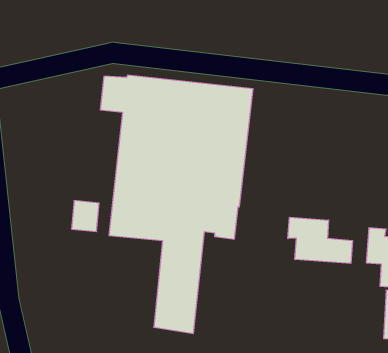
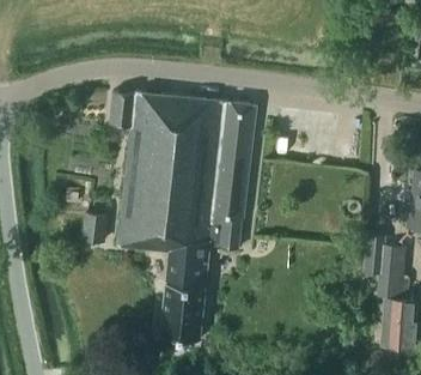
building: [288,217,353,263] -> none

